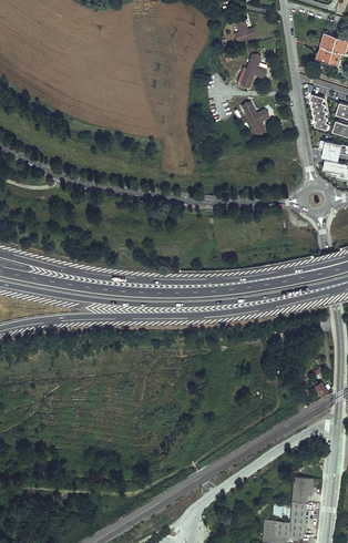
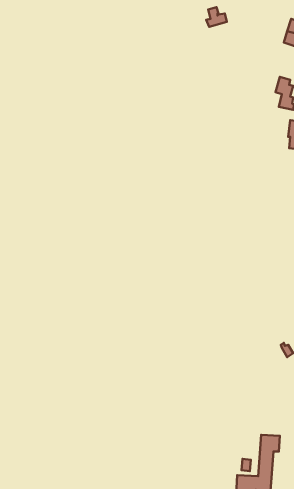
building: [240,53,267,86] -> none
building: [242,101,268,134] -> none

